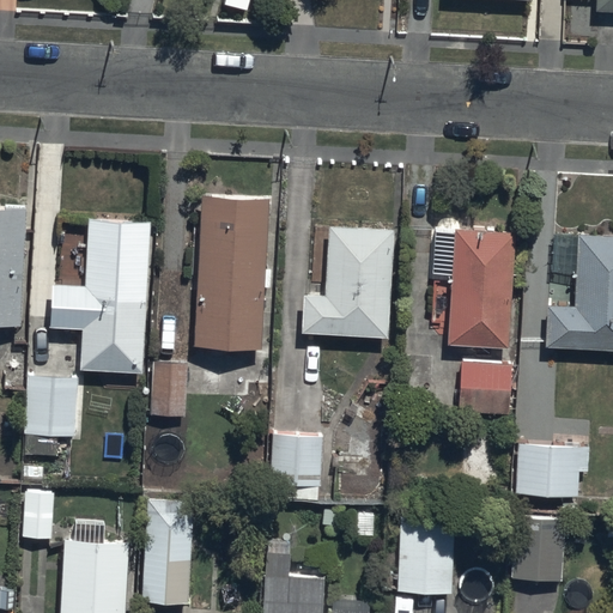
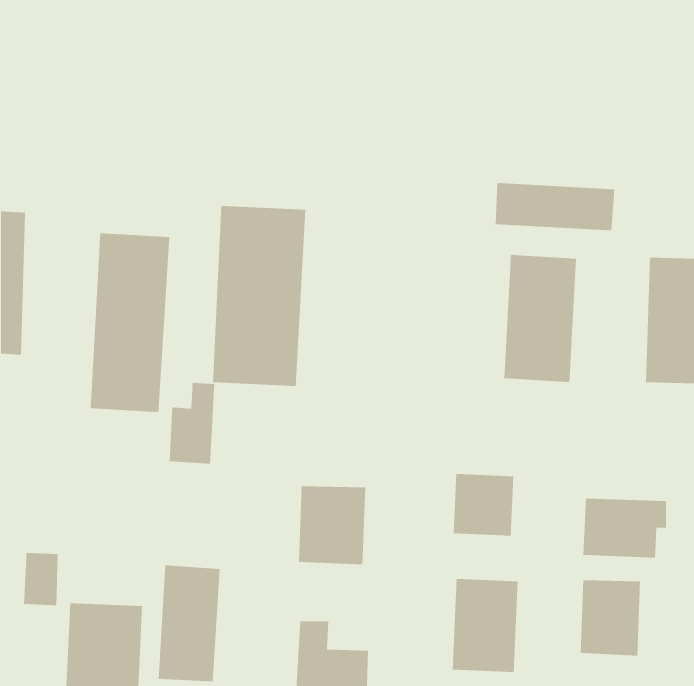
building: none -> [495,182,615,231]
building: [305,221,389,335] -> none
building: [457,363,511,418] -> [453,473,514,536]
building: [26,378,78,460] -> none

